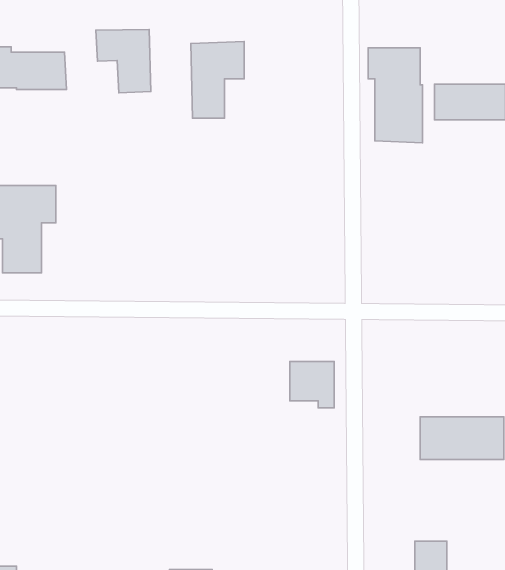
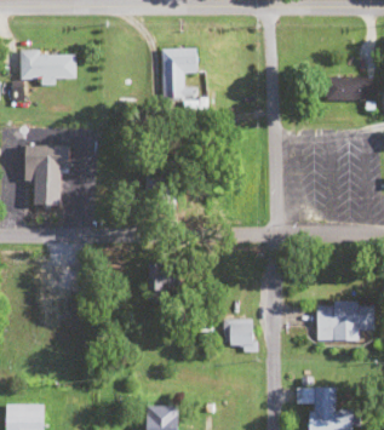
building: [96,29,151,93] -> none
building: [368,48,423,143] -> none
building: [290,362,334,408] -> [225,320,256,351]

